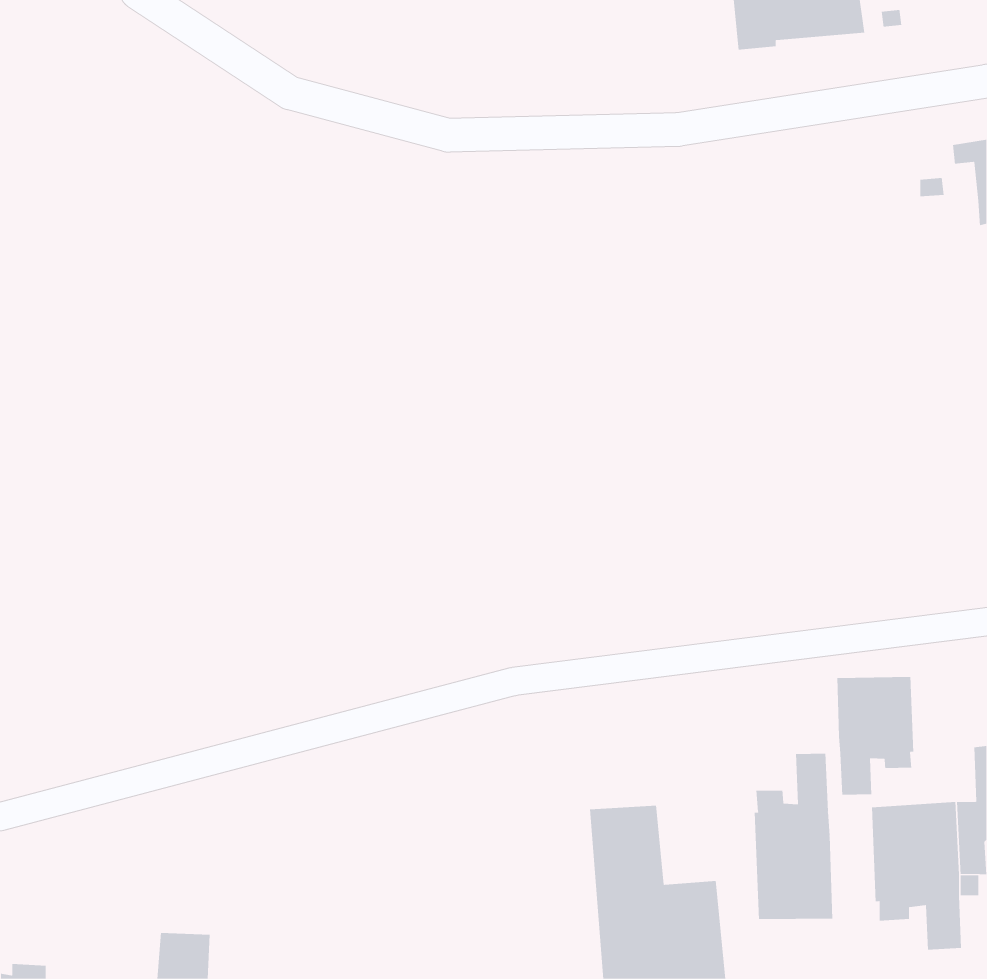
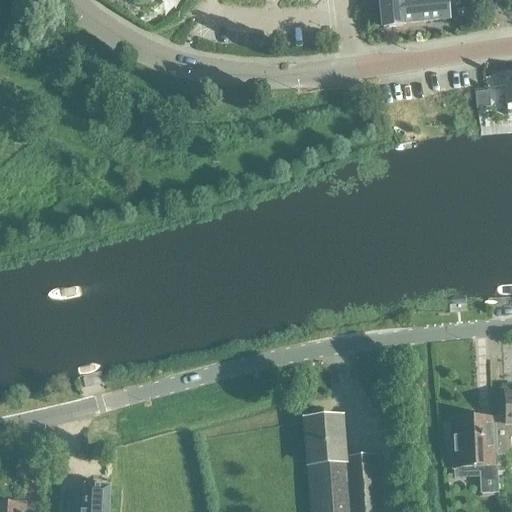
building: [837,676,914,795] -> none
building: [754,753,833,920] -> none

